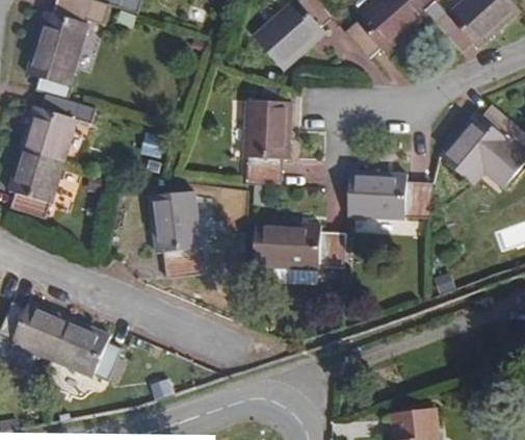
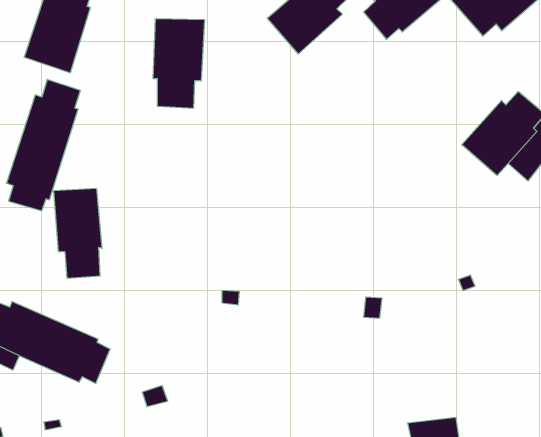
building: [241,101,290,185] -> [153,19,205,108]
building: [349,173,430,218] -> none
building: [154,191,200,276] -> [54,189,102,278]
building: [257,221,348,284] -> none

